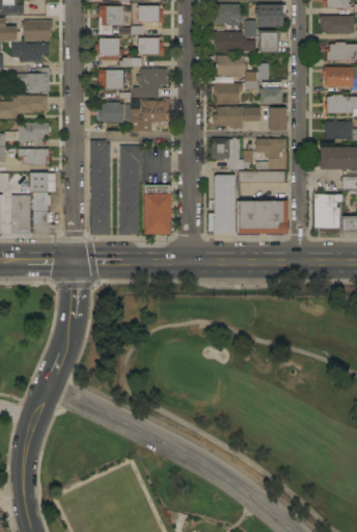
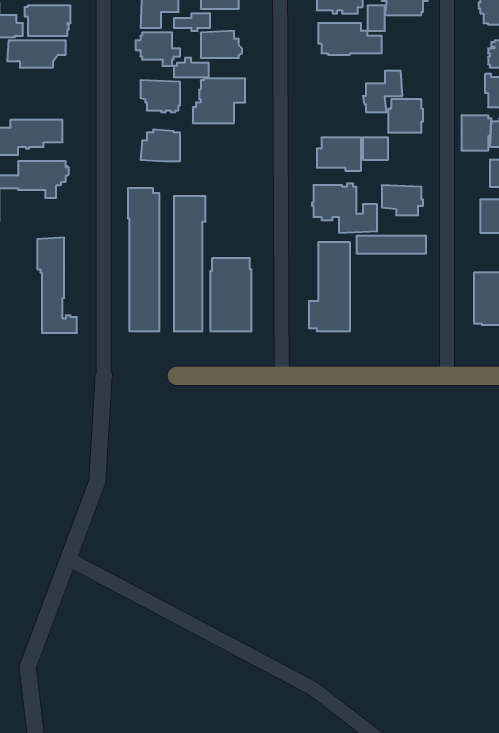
building: [257,30,280,53] -> none
building: [216,56,245,78] -> none
building: [13,68,49,94] -> none
building: [214,83,242,105] -> none
building: [126,100,165,132] -> none
building: [269,108,289,131] -> [461,115,492,150]
building: [19,149,49,166] -> none
building: [11,195,31,234] -> none
building: [237,201,289,234] -> none

